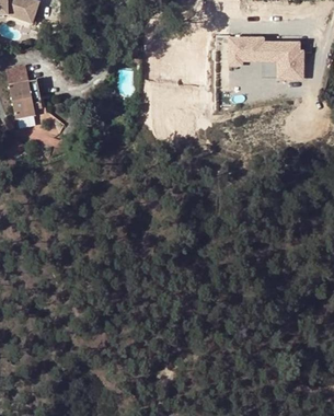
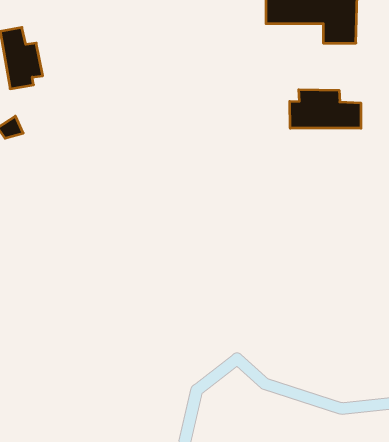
building: none -> [290,90,361,128]

